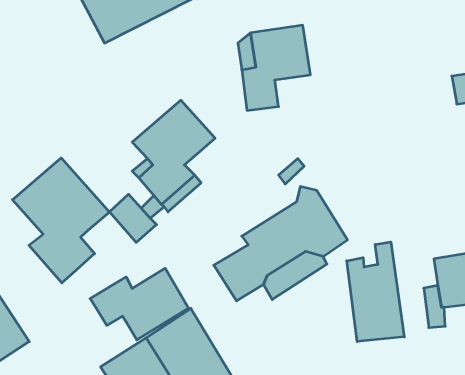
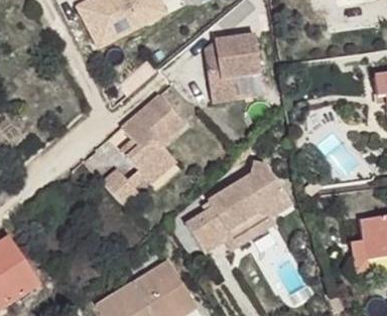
building: [12,158,110,283] -> none
building: [347,242,404,342] -> none
building: [90,268,189,340] -> none

